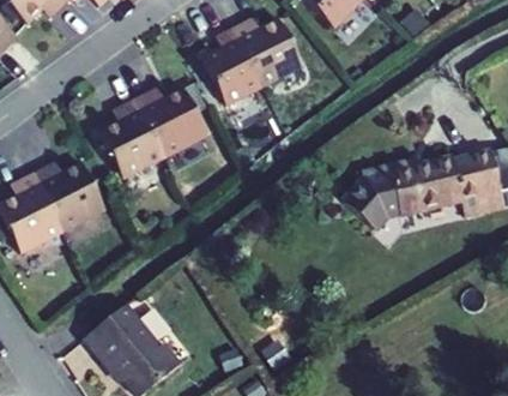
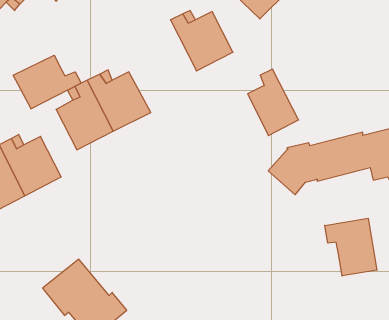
building: [204,28,262,104] -> [248,69,299,136]
building: none -> [13,55,81,109]
building: none -> [325,218,377,276]

